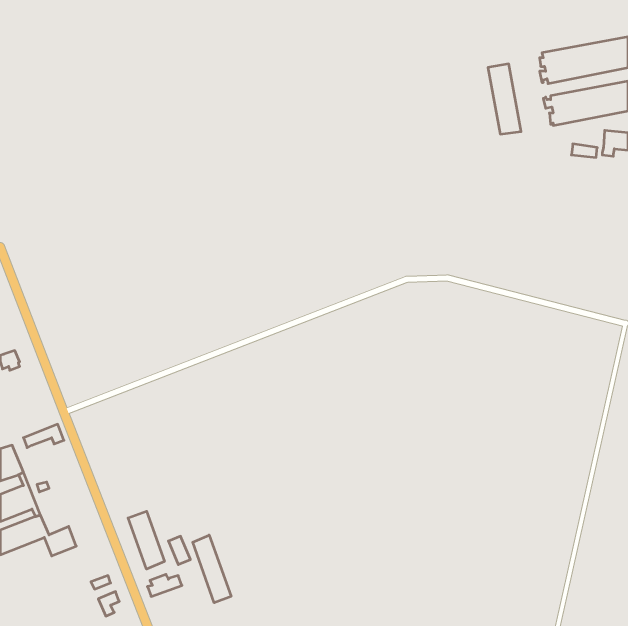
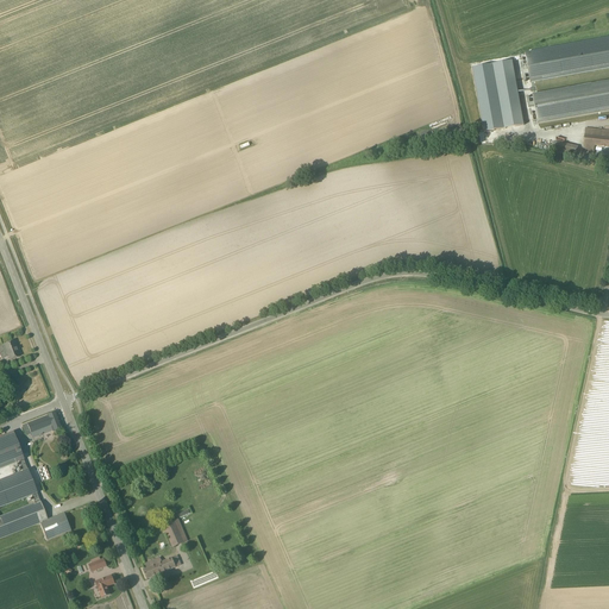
building: none -> [492,58,525,127]
building: [128,511,164,569] -> none
building: [193,535,231,603] -> none

